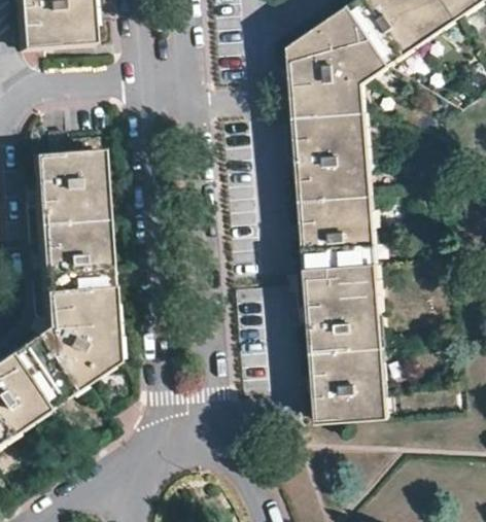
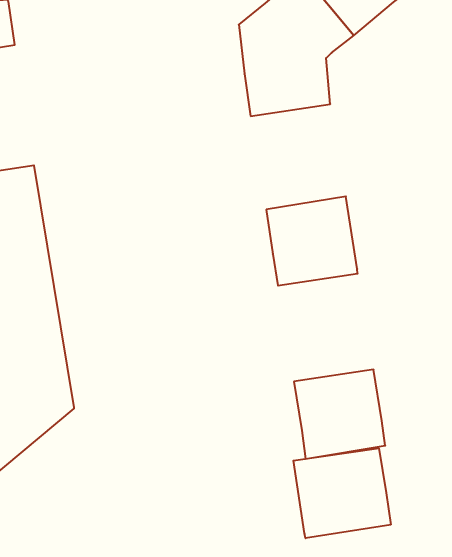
building: [293,118,370,205] -> none
building: [304,268,380,356] -> none
building: none -> [293,448,391,538]

